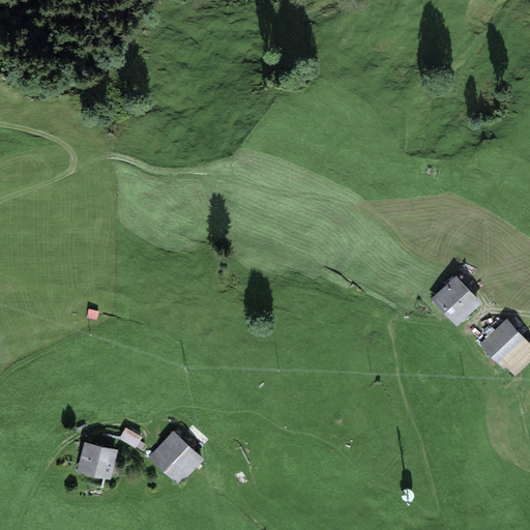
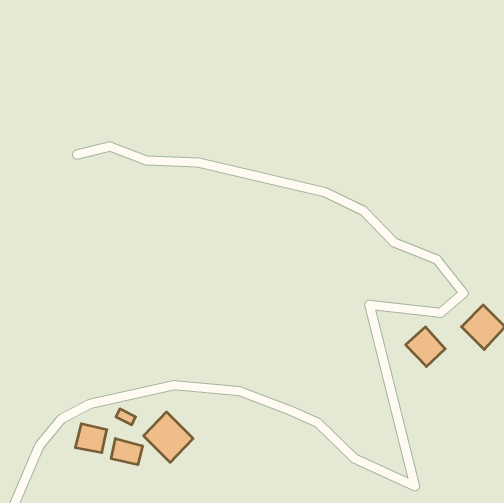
building: [433,279,474,321] -> [406,327,445,367]
building: none -> [111,438,142,465]

